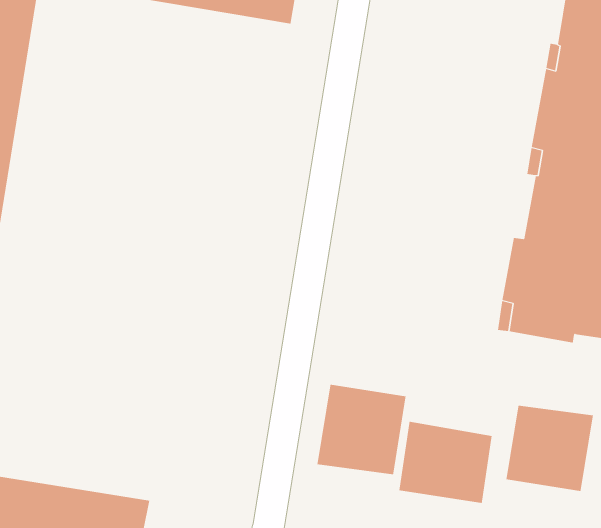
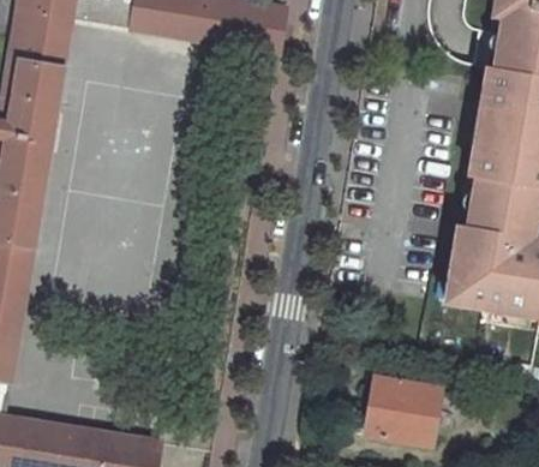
building: [317,384,406,475] -> none
building: [506,405,594,492] -> none

